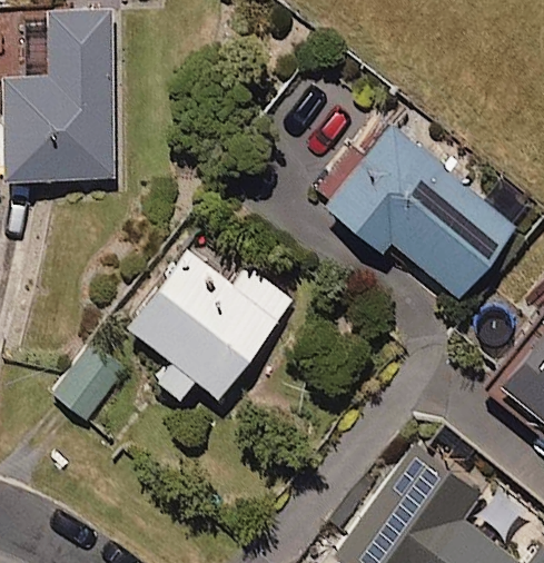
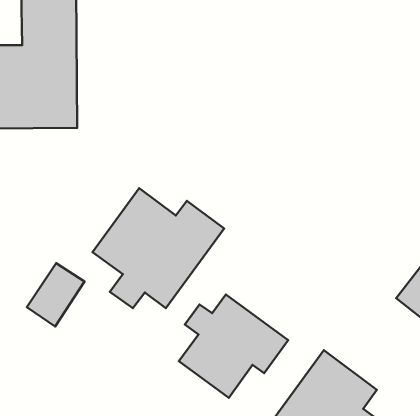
building: [326,125,516,297] -> none
building: none -> [179,294,288,398]

